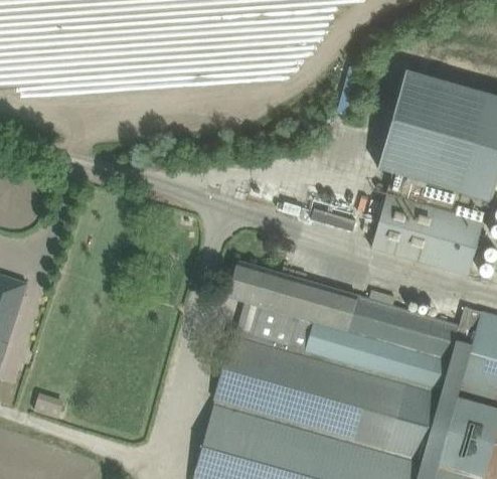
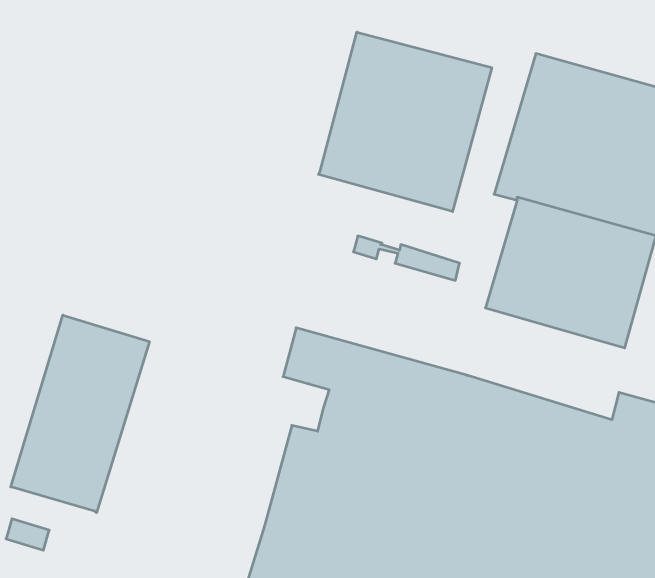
building: none -> [318,32,492,212]
building: none -> [11,315,149,513]

